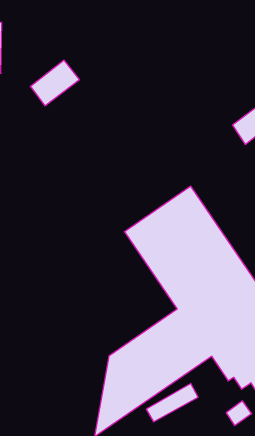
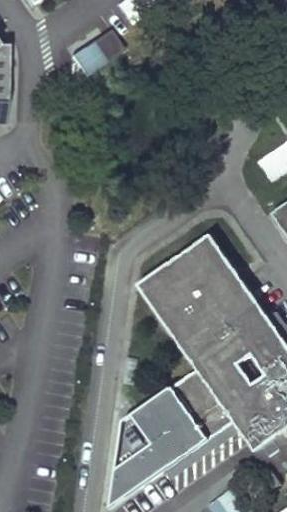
building: [30,60,79,106] -> [72,31,126,81]

